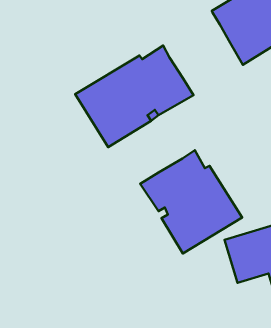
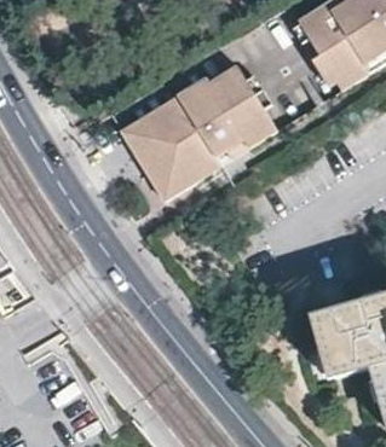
building: [140,150,242,253] -> none

